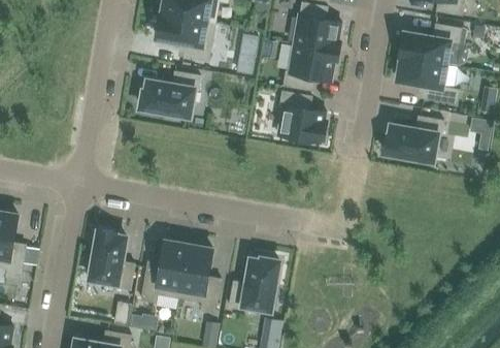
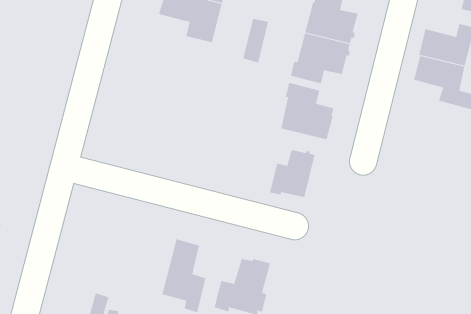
building: [140,71,200,119] -> none
building: [384,116,443,163] -> none
building: none -> [270,149,315,198]
building: [86,229,134,288] -> none
building: [141,241,189,302] -> none

